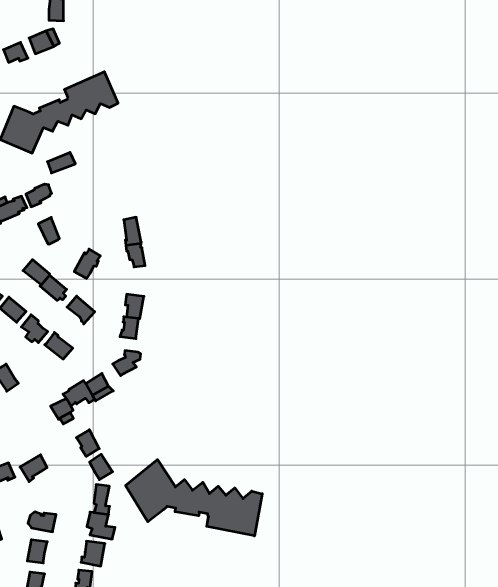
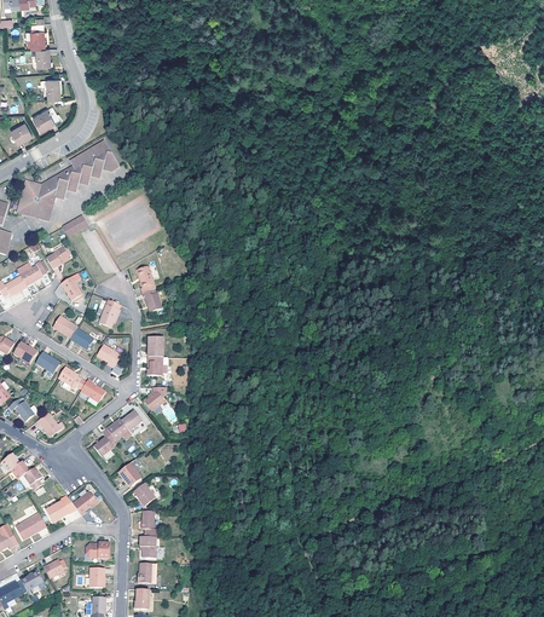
building: [126,460,262,536] -> none

